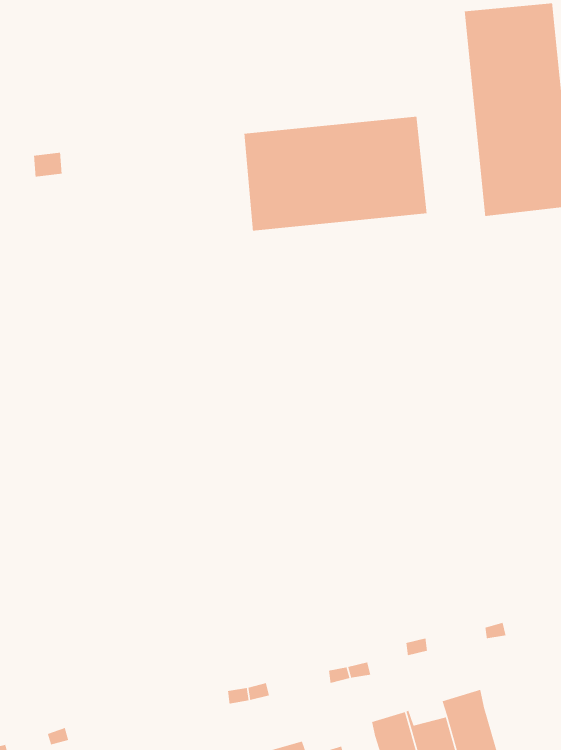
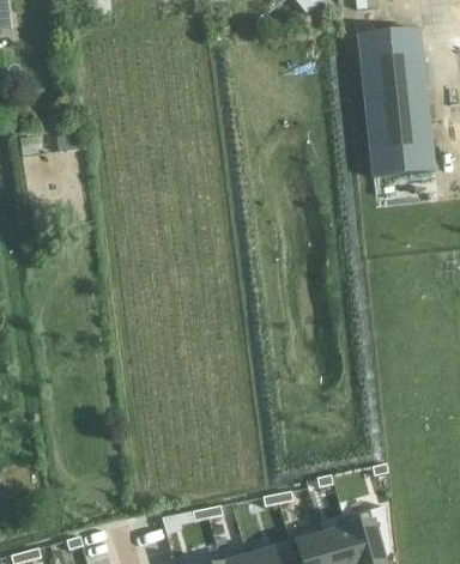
building: [243,116,427,231] -> none

